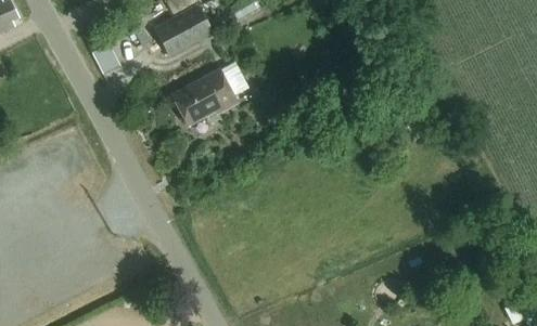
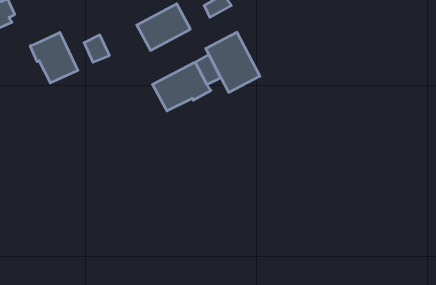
building: none -> [206,32,260,92]
building: none -> [30,32,78,83]

